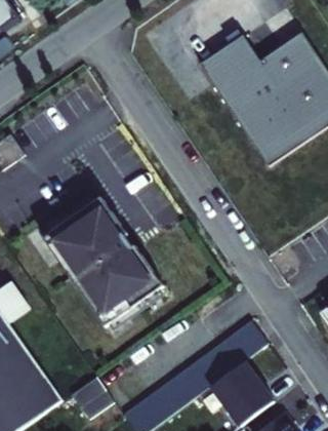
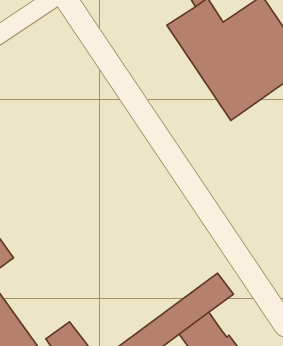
building: [42,198,163,331] -> none

